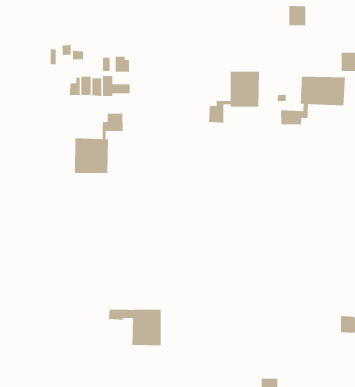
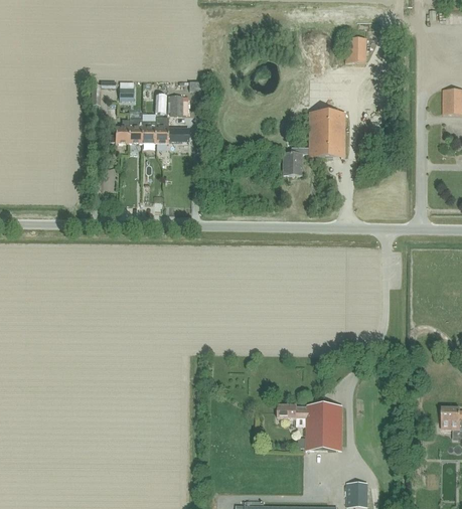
building: [289,5,306,26] -> [345,36,366,61]
building: [280,76,346,125] -> none
building: [74,113,124,174] -> none
building: [108,309,161,346] -> [278,404,342,450]

